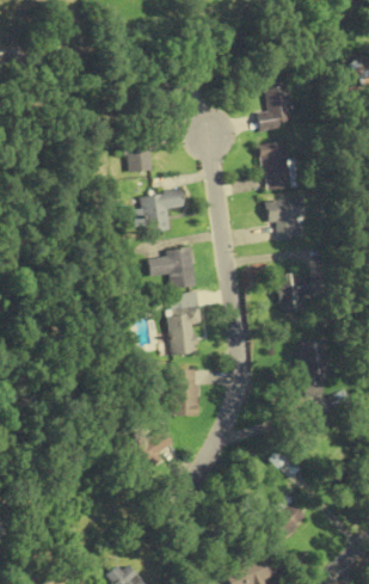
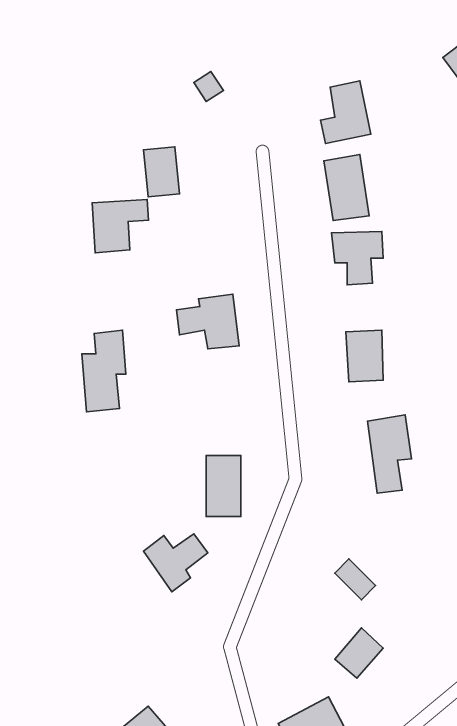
building: [140,192,183,233] -> [92,200,149,253]
building: [167,294,201,356] -> [82,330,126,412]

